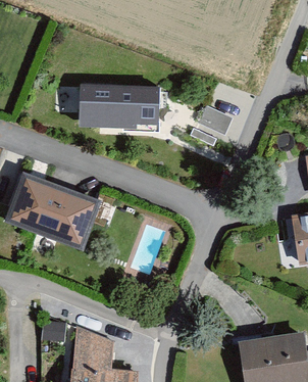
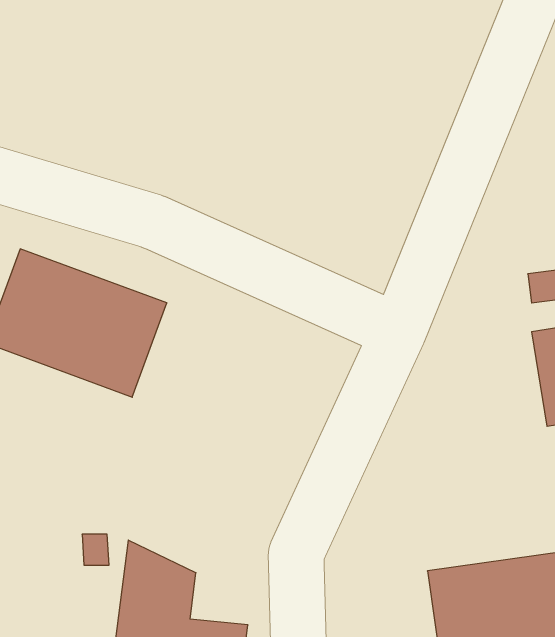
building: [84,82,164,126] -> none

